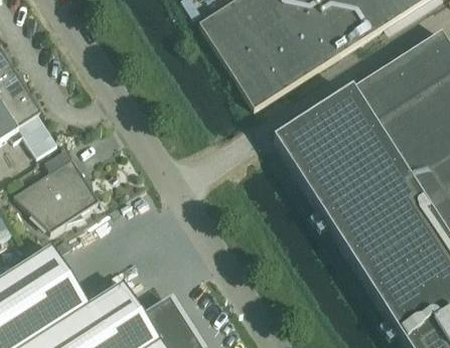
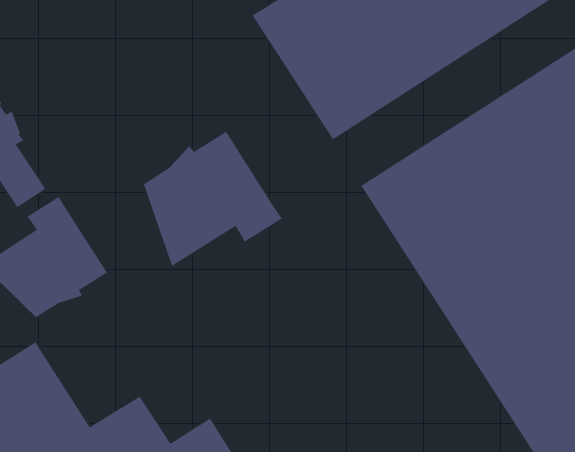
building: none -> [143,131,282,267]

